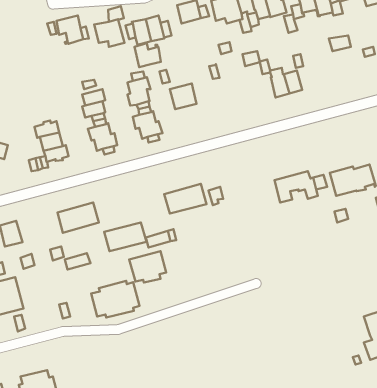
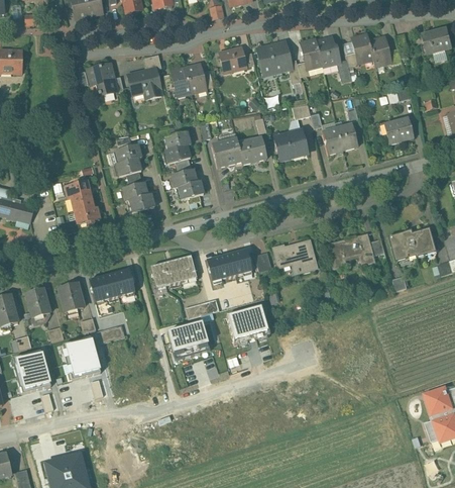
building: [134,43,161,67] -> none
building: none -> [383,118,413,143]
building: none -> [274,130,308,161]
building: none -> [237,137,266,164]
building: none -> [273,240,317,273]
building: none -> [59,283,84,311]
building: [104,223,146,251] -> [150,256,197,287]
building: none -> [227,305,270,344]
building: none -> [64,336,100,379]
building: [91,281,139,318] -> none

